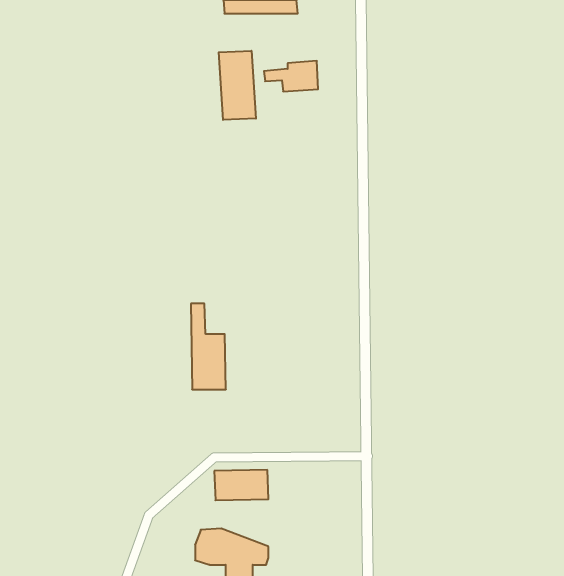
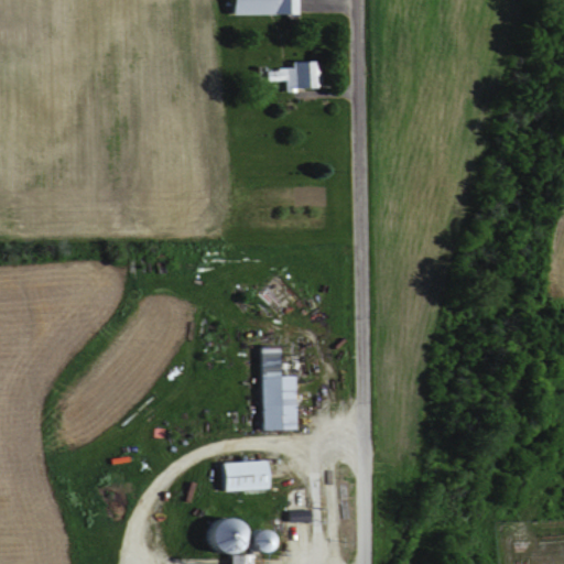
building: [219,51,256,120] -> none
building: [191,304,226,389] -> [262,345,296,429]

